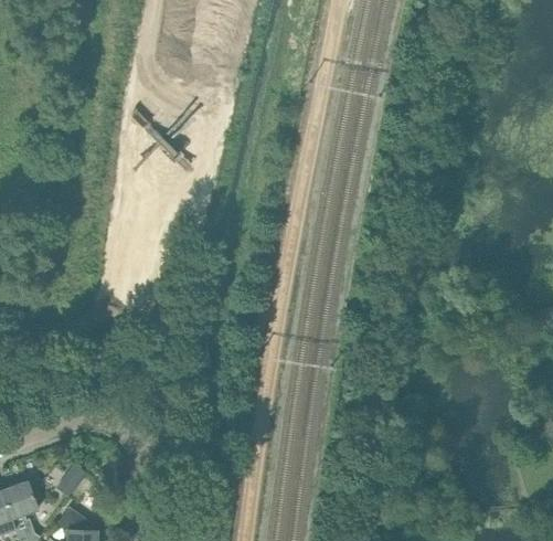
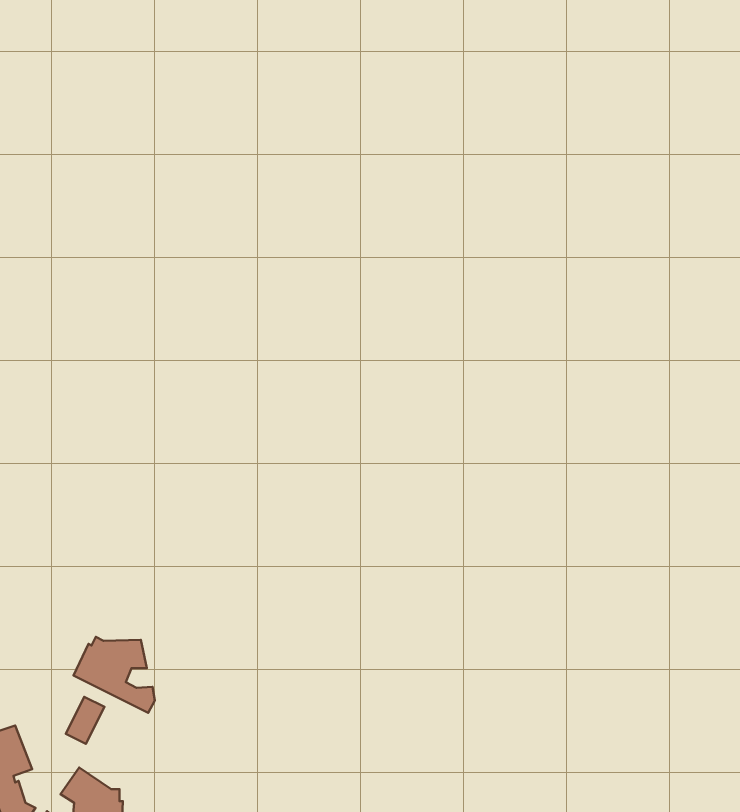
building: none -> [74,637,155,713]

